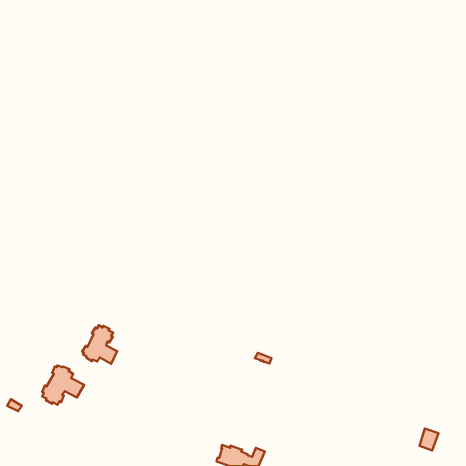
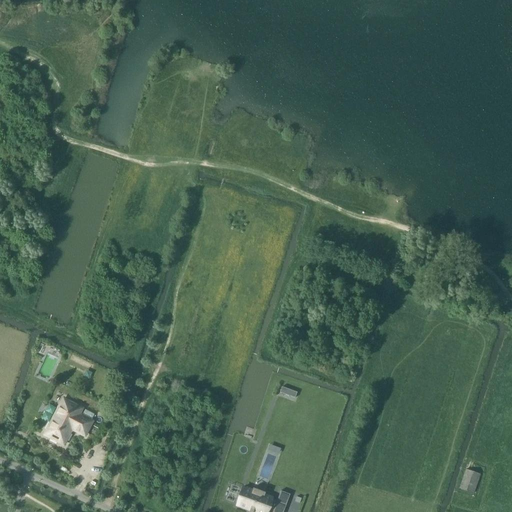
building: [82,325,117,364] -> none

